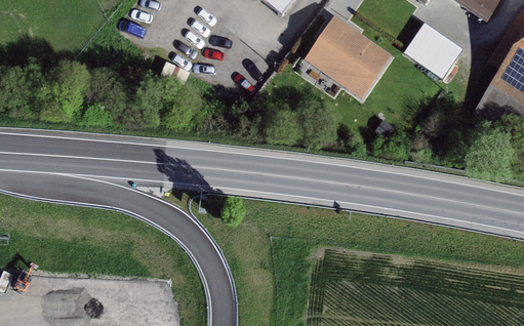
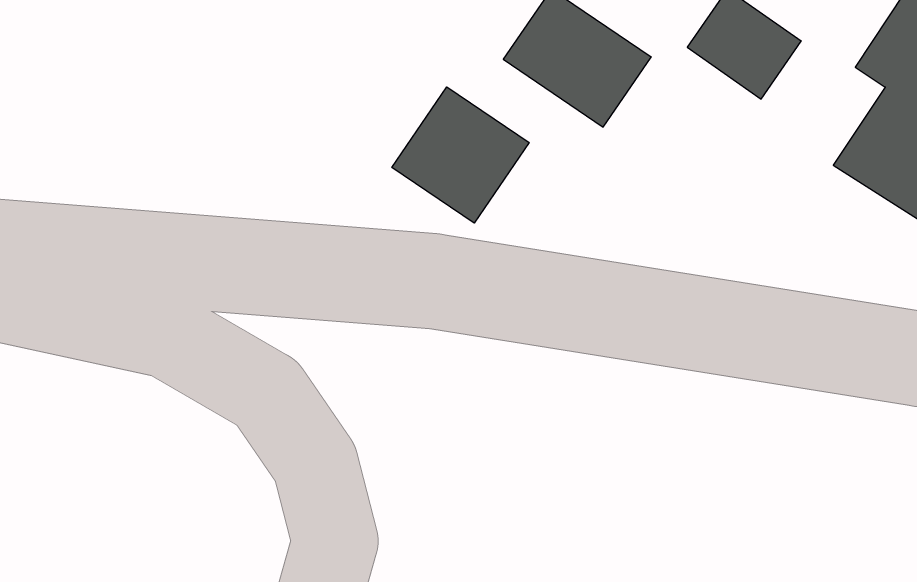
building: none -> [392,87,529,223]

